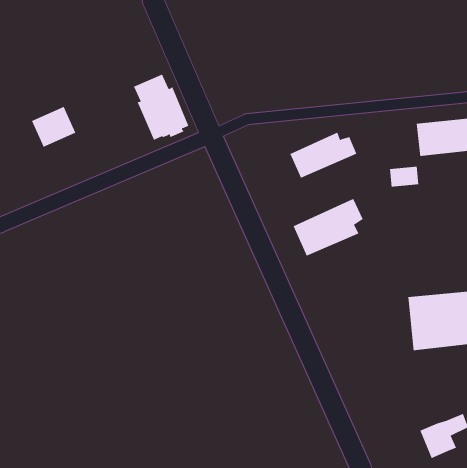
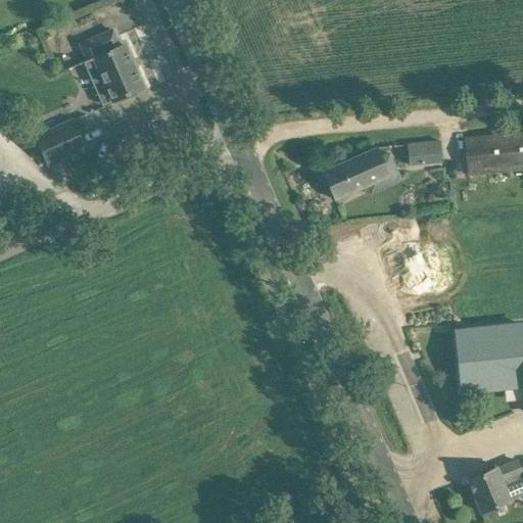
building: [133,74,189,141] -> [81,30,143,104]
building: [389,166,419,187] -> [409,141,442,164]
building: [293,198,363,257] -> none

